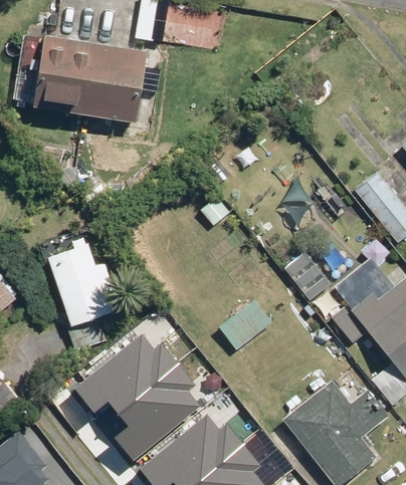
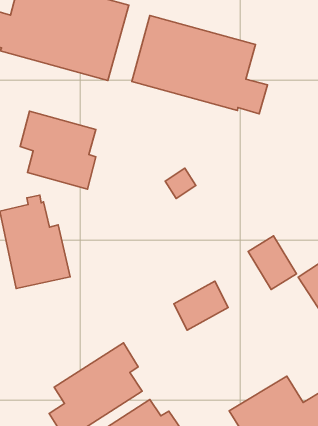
building: none -> [132,16,267,114]
building: none -> [20,111,96,189]
building: [73,336,176,414] -> none

